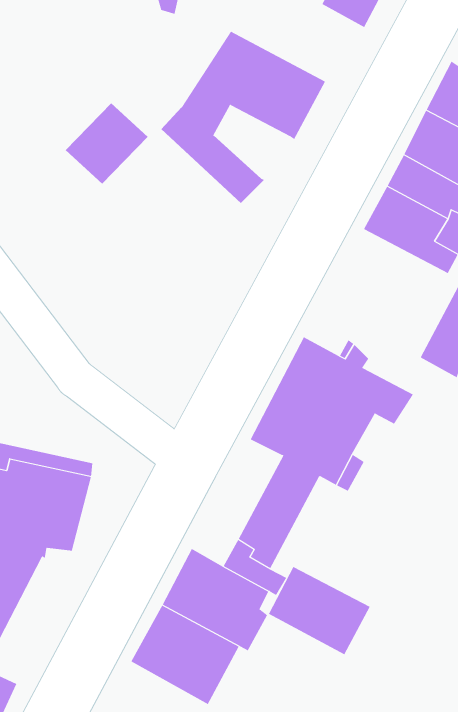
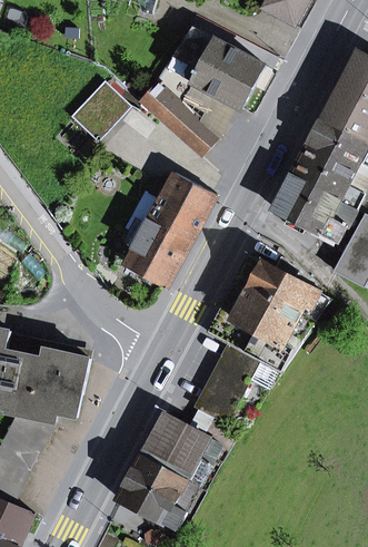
building: none -> [180,82,237,137]
building: none -> [123,172,216,286]
building: none -> [273,175,356,243]
building: [268,566,370,655] -> none

